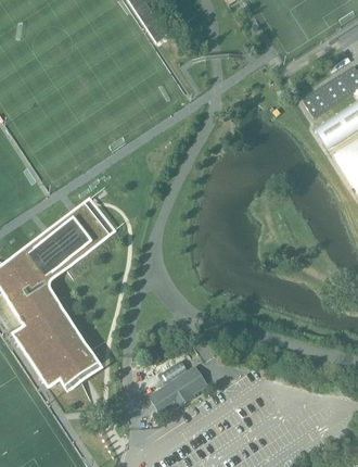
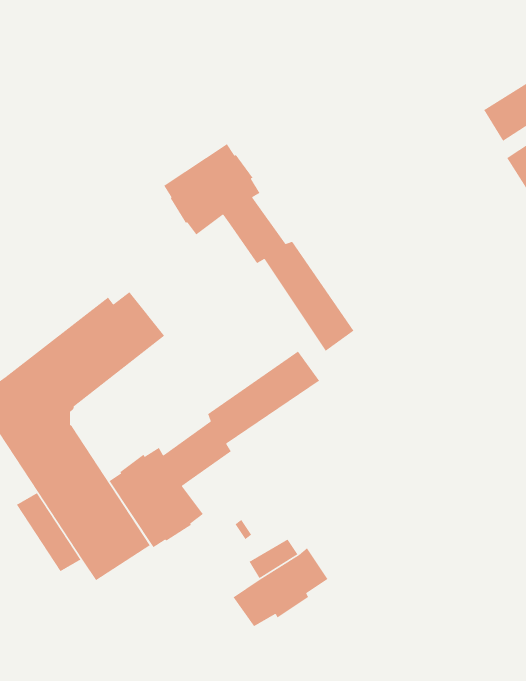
building: none -> [163,143,355,352]
building: none -> [108,350,320,548]

